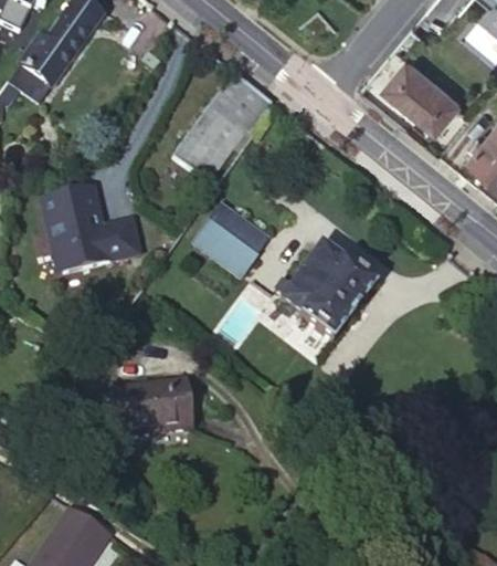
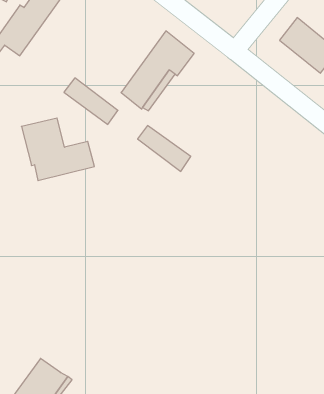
building: [182,216,254,277] -> [64,78,118,124]
building: [279,243,377,342] -> none
building: [113,379,191,436] -> none

